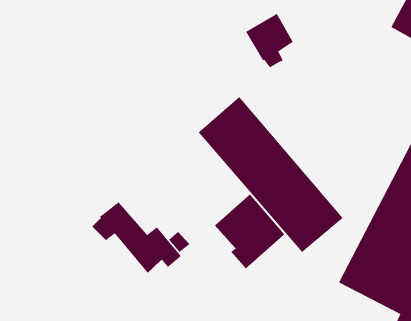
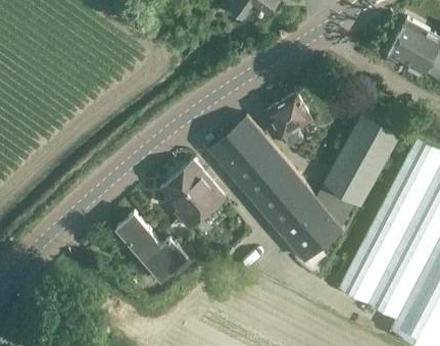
building: [245,13,293,68] -> [266,96,311,147]
building: none -> [324,113,401,205]
building: [214,194,285,269] -> [159,161,226,232]

